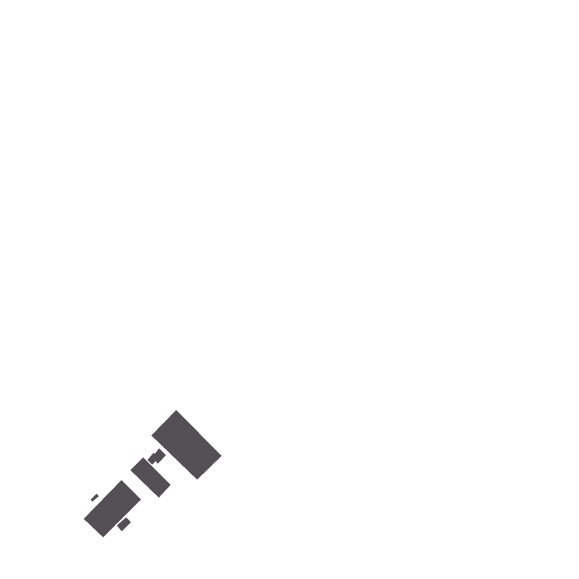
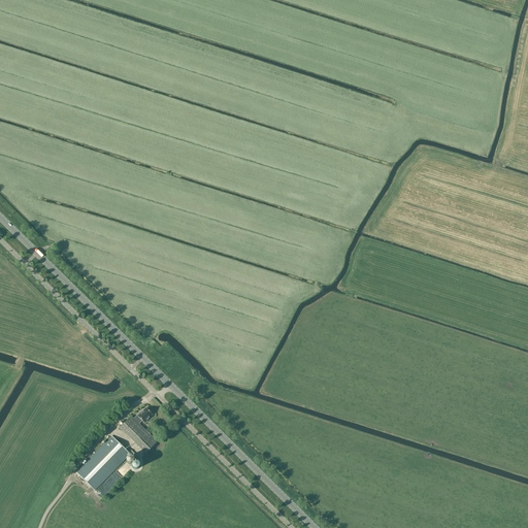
building: [150,409,223,481] -> none

